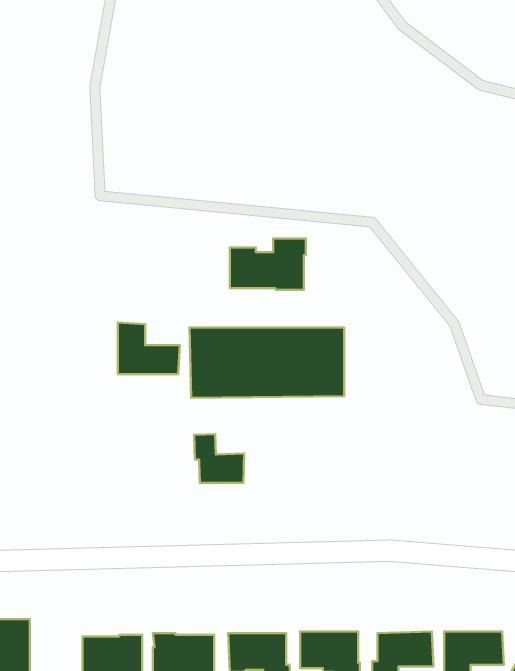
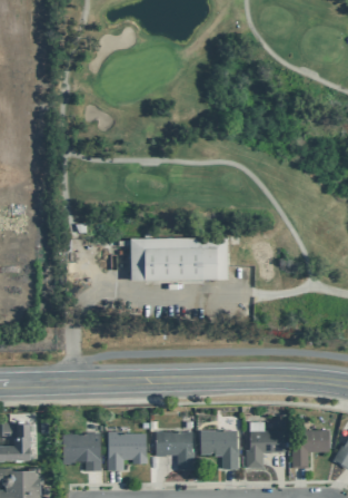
building: [230,238,306,290] -> none
building: [118,322,180,374] -> none
building: [194,434,244,483] -> none

